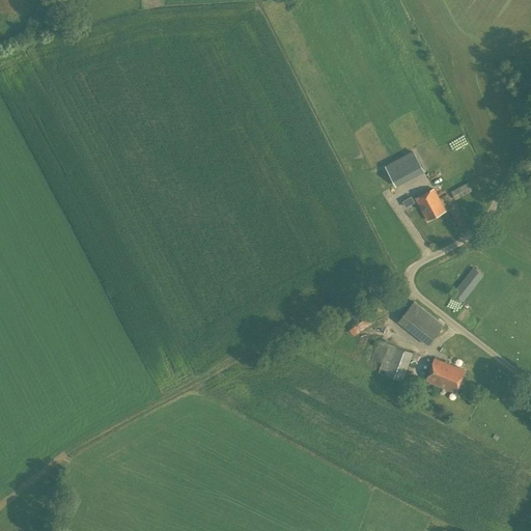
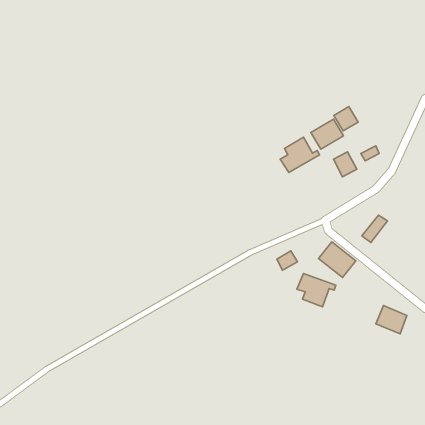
building: none -> [334,107,358,131]
building: none -> [280,137,320,172]
building: [424,359,463,394] -> [376,306,407,334]

